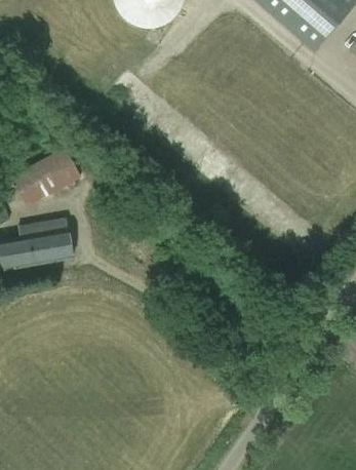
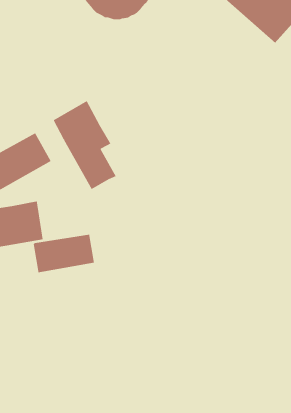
building: none -> [53,100,116,190]
building: none -> [33,234,95,273]

